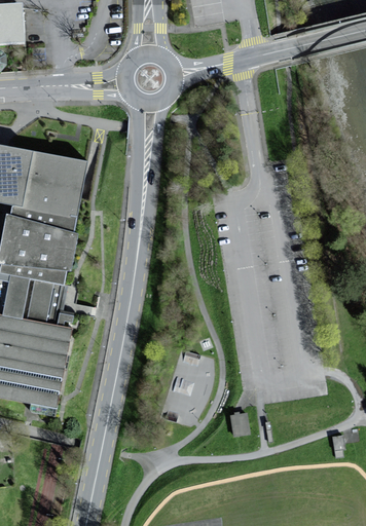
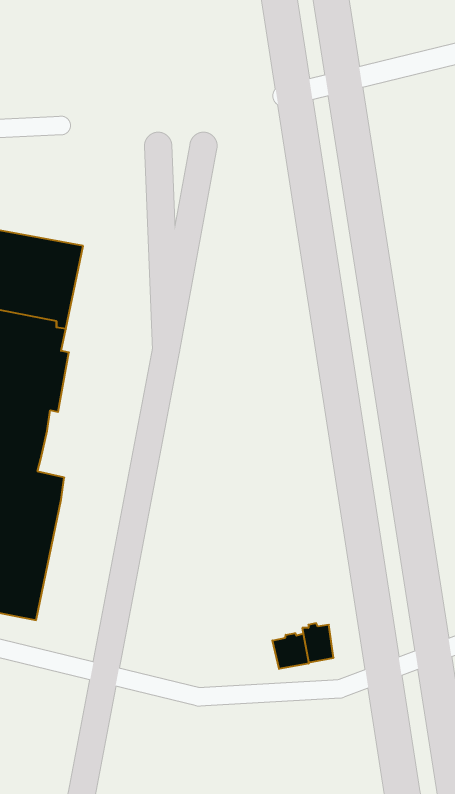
building: none -> [272,633,309,669]

